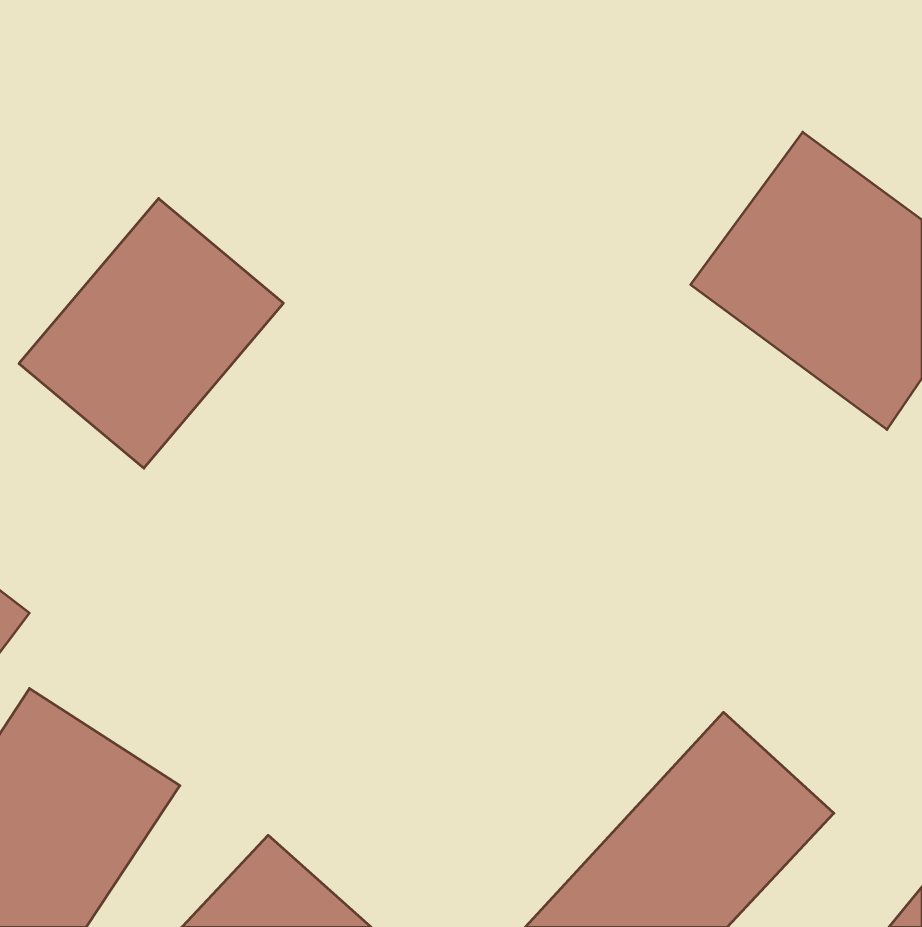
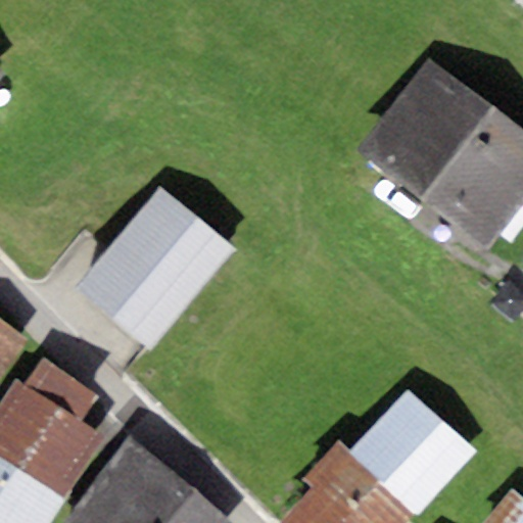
building: [19,198,283,468] -> [81,193,228,343]

